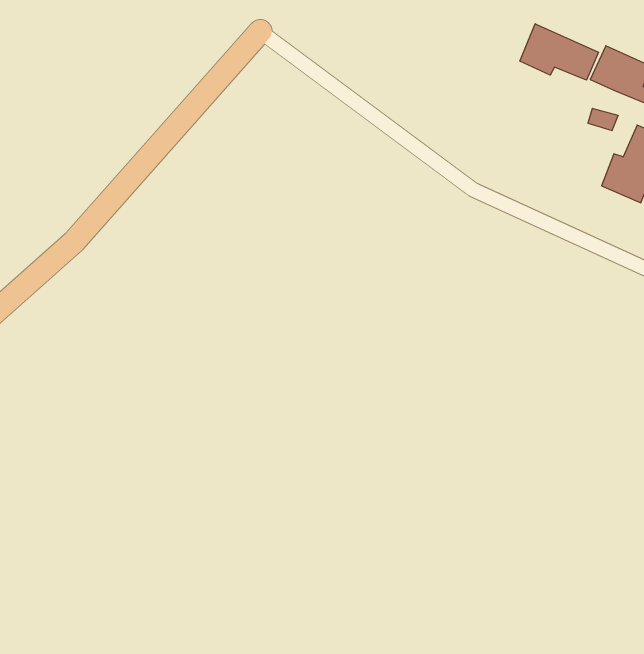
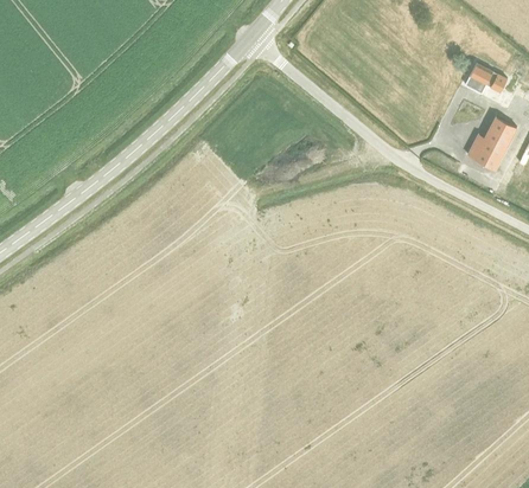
building: [520,24,599,80] -> none

